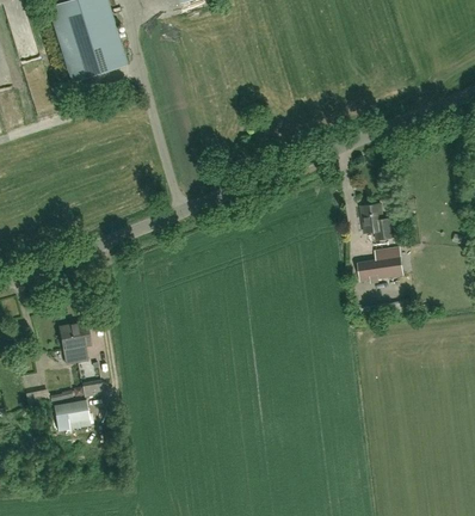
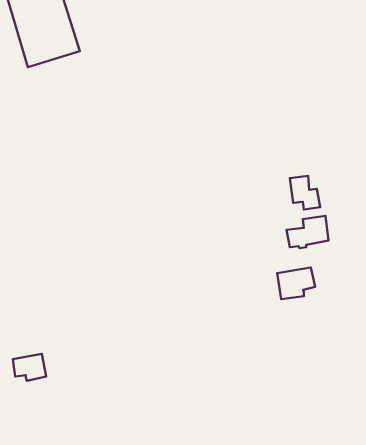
building: none -> [277,268,315,299]
building: [58,321,91,363] -> none

